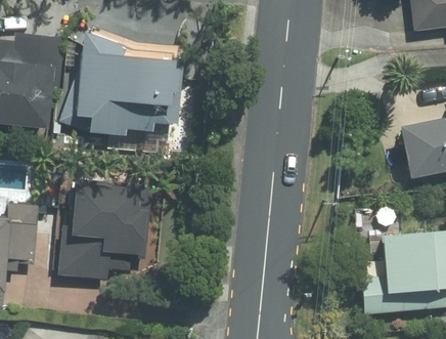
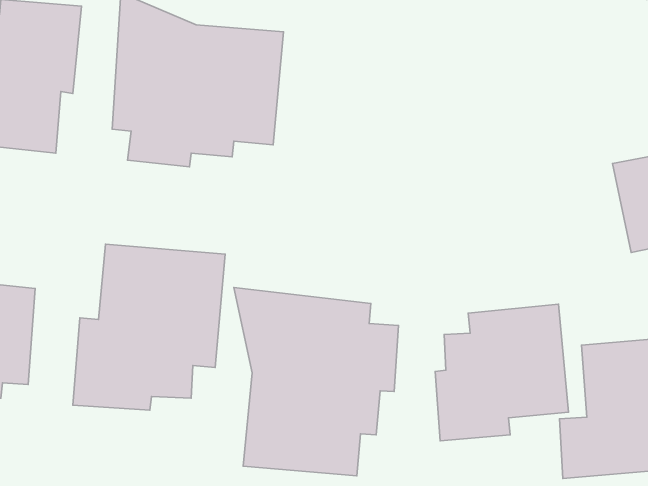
building: none -> [234,288,398,476]
building: none -> [435,304,568,441]

